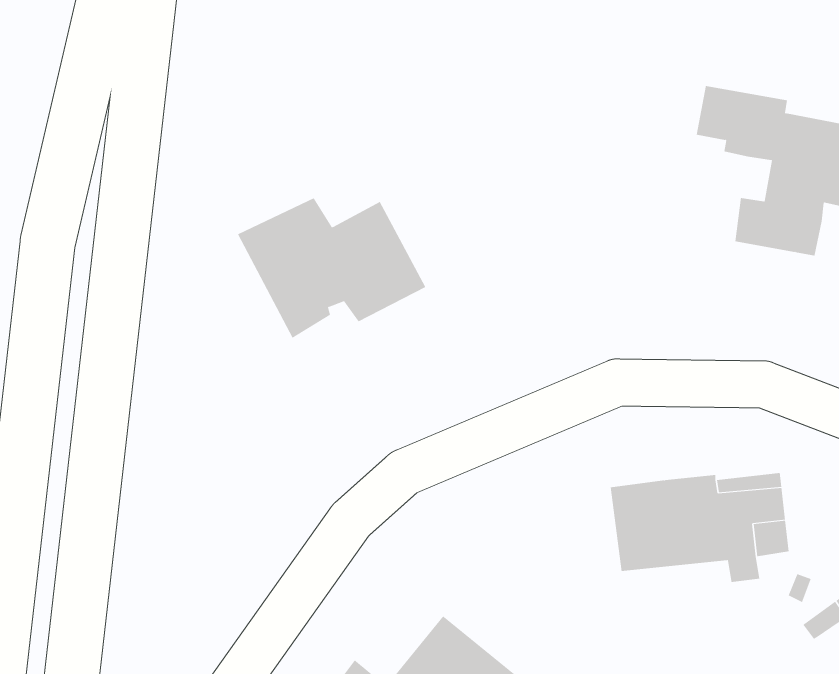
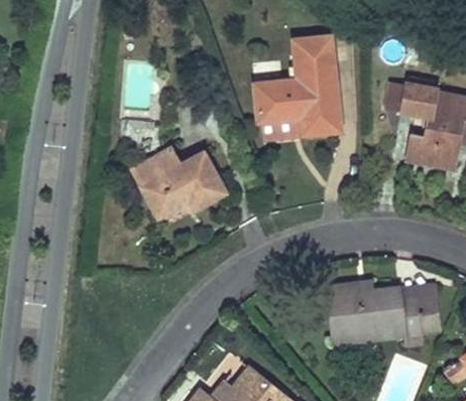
building: none -> [253,38,338,135]
building: none -> [327,285,369,346]

